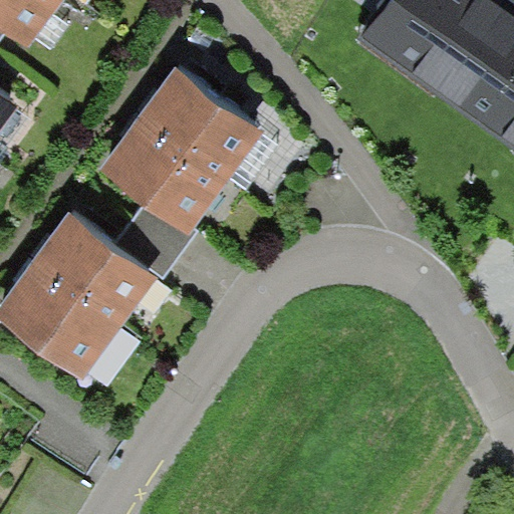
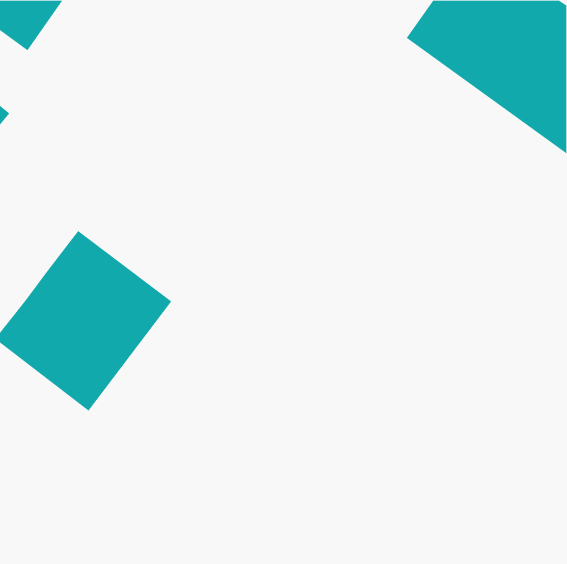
building: [101,67,262,231] -> none

